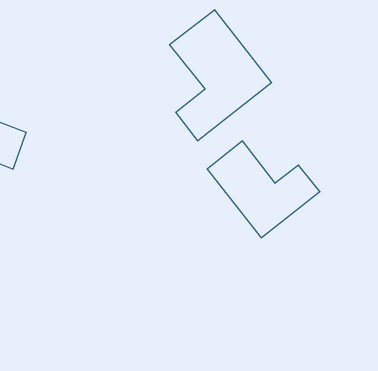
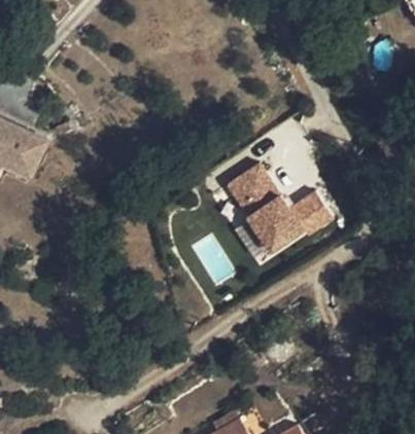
building: [170,10,272,141] -> none

